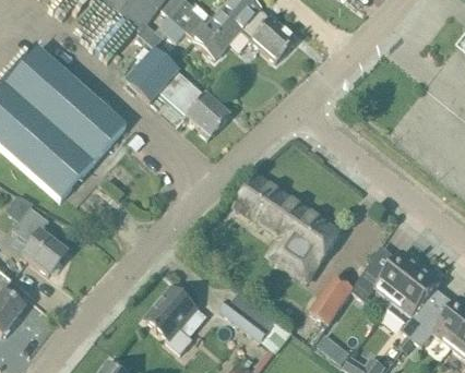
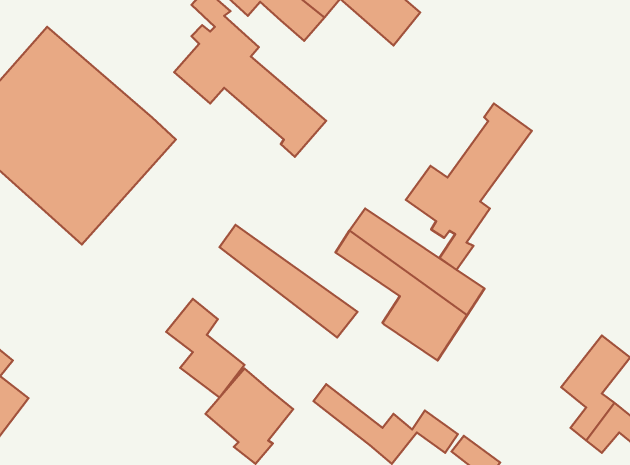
building: none -> [406,104,532,270]
building: none -> [219,225,357,337]
building: [11,205,65,274] -> [166,299,244,398]
building: [354,249,421,299] -> none
building: [308,270,353,321] -> none

